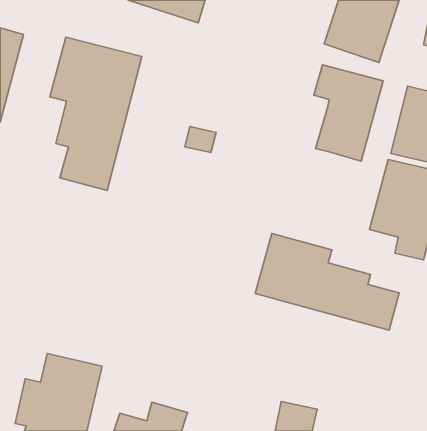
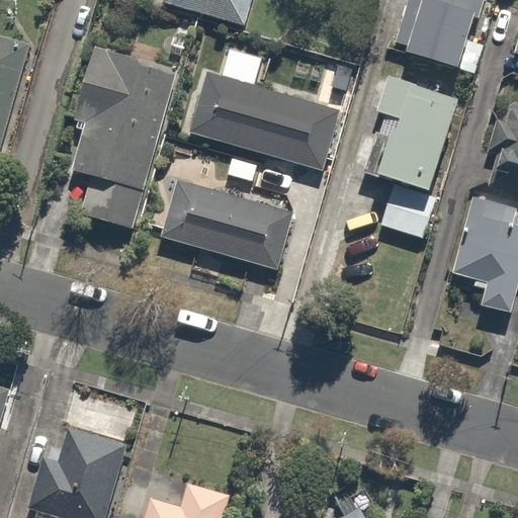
building: none -> [187,74,334,170]
building: none -> [158,177,291,269]
building: none -> [375,180,439,241]
building: [255,234,399,330] -> none

